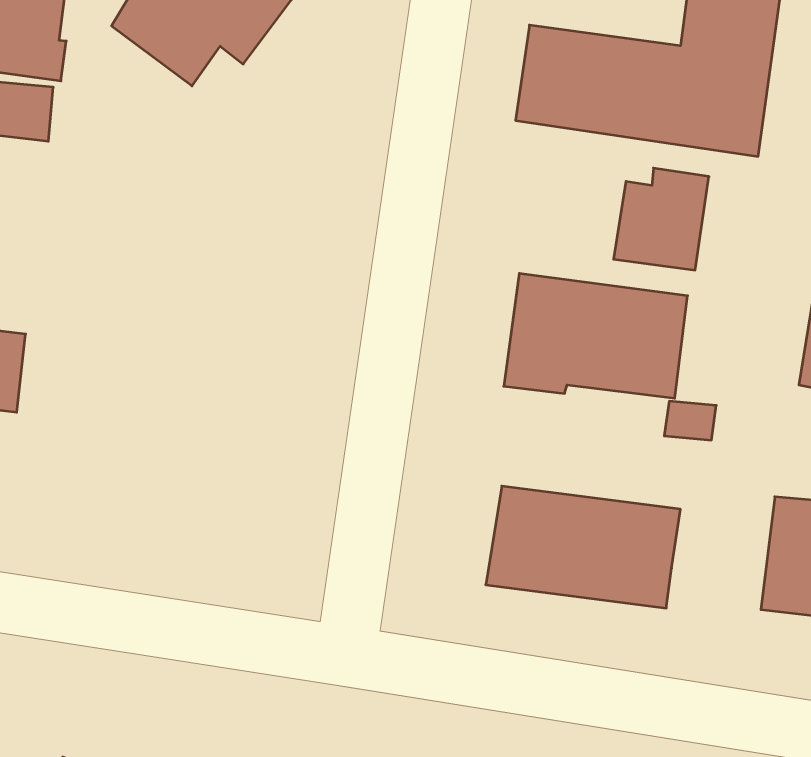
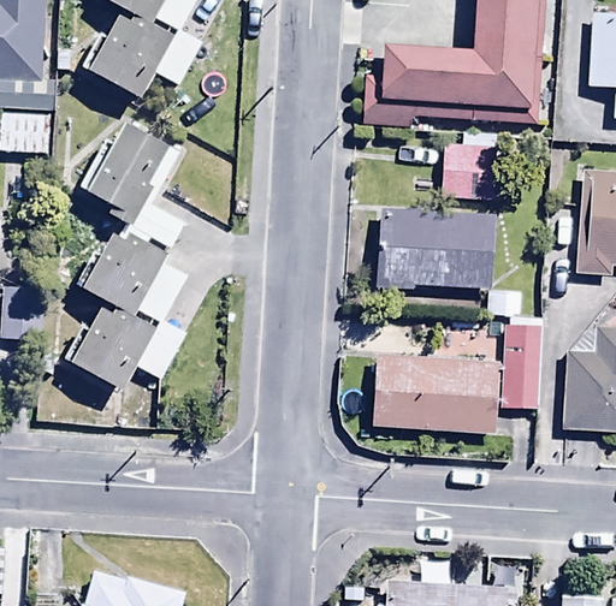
building: none -> [61,119,191,394]
building: none -> [500,325,540,405]

